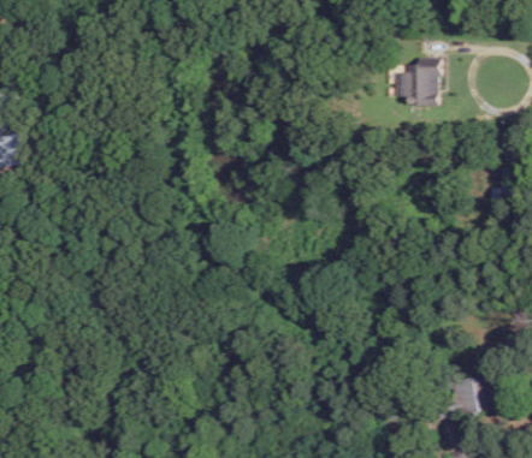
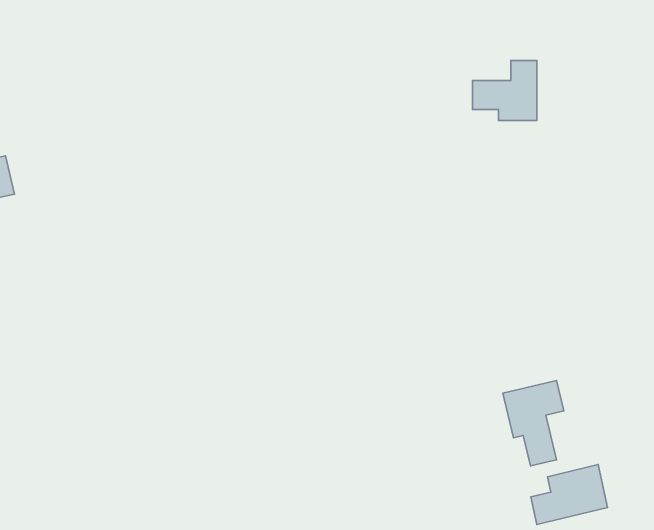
building: none -> [503,380,564,466]

